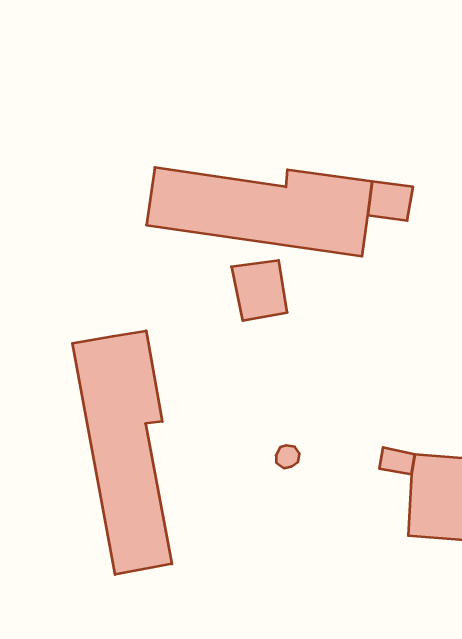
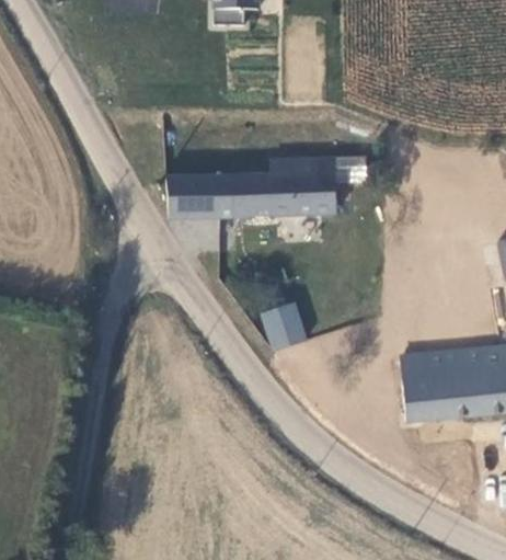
building: [231,260,287,321] -> [261,302,309,353]
building: [72,331,172,575] -> none

